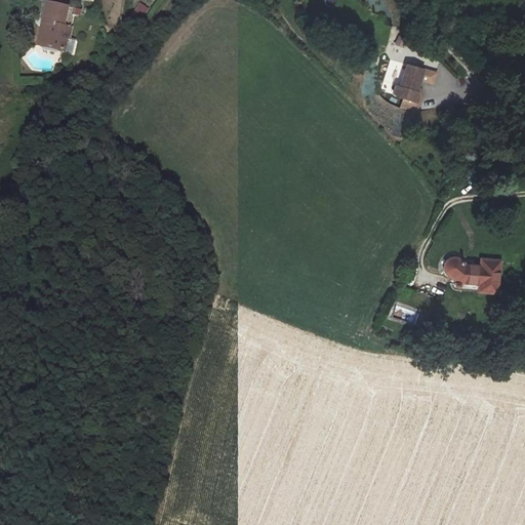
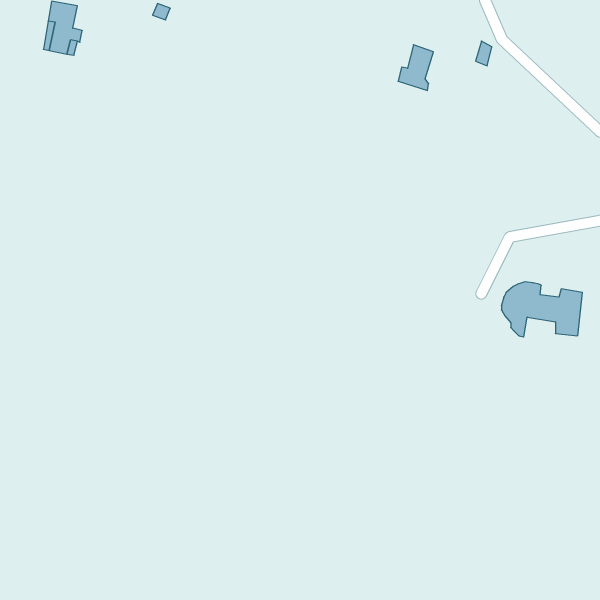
building: [392,68,422,108] -> [398,45,433,91]

